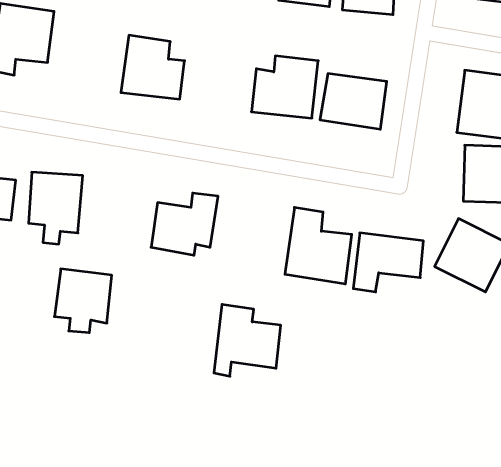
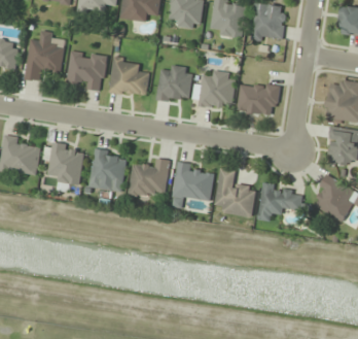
building: none -> [65,50,107,91]
building: none -> [155,63,193,102]
building: [54,269,112,333] -> [90,148,127,190]
building: [214,304,281,376] -> [171,161,214,207]

